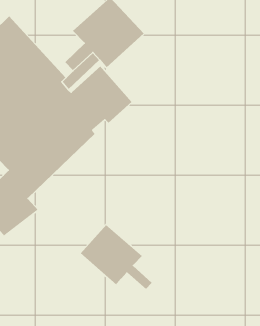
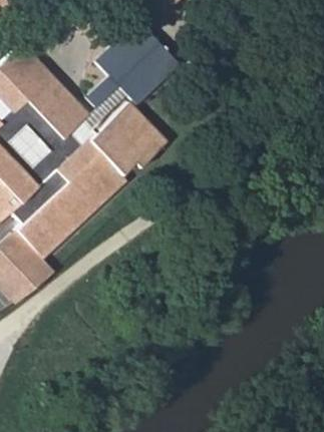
building: [80,224,153,290] -> none

